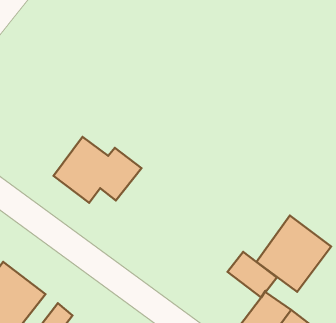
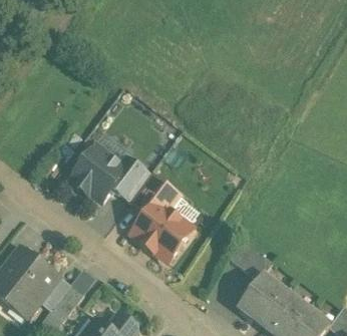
building: none -> [127,179,196,268]
building: [256,215,331,292] -> none

